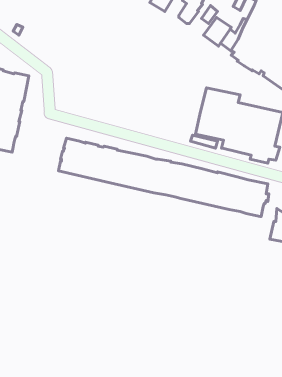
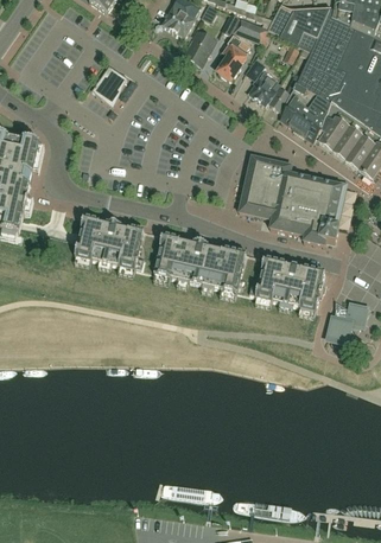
building: none -> [93,64,127,100]

